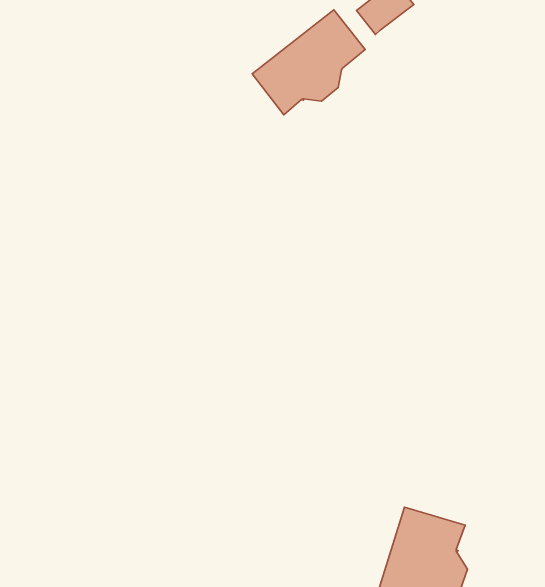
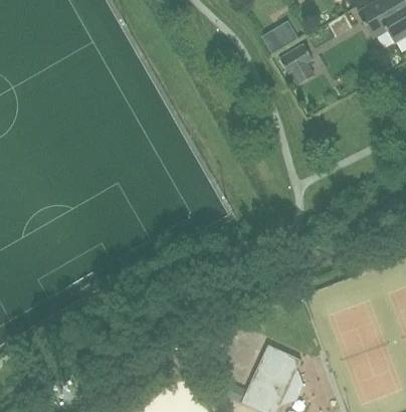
building: [252,10,365,115] -> none

